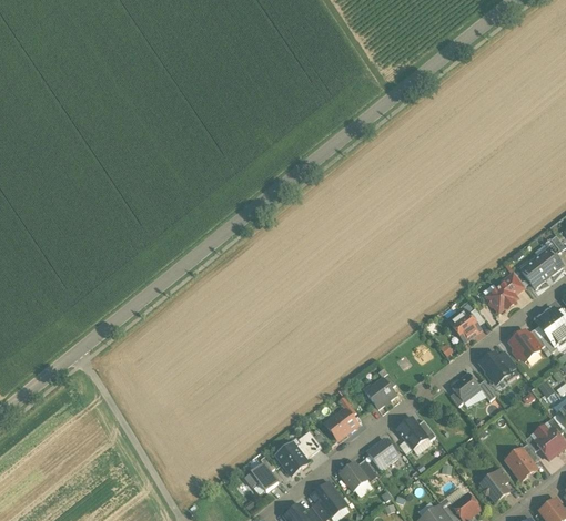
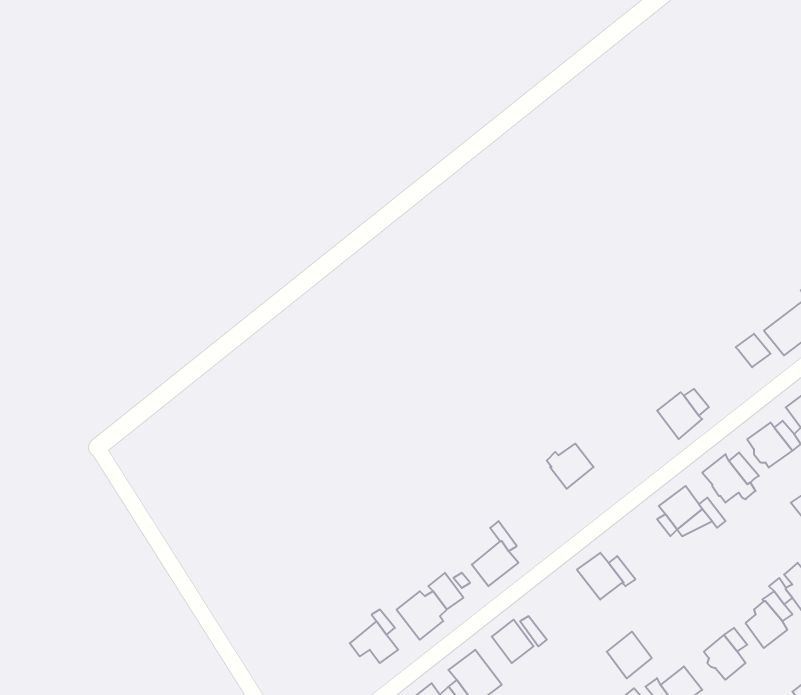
building: [485,283,515,311] -> none
building: [363,378,394,408] -> [547,444,594,489]
building: [366,438,396,469] -> [607,632,652,678]

